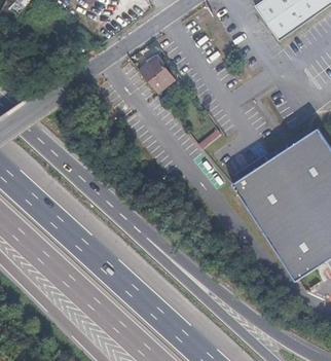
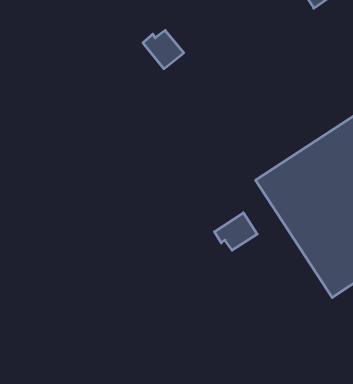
building: none -> [214,213,257,250]

